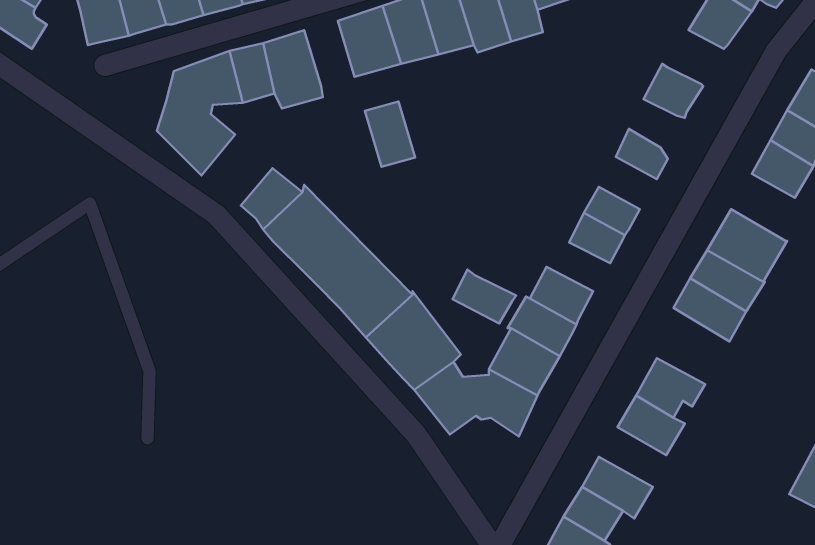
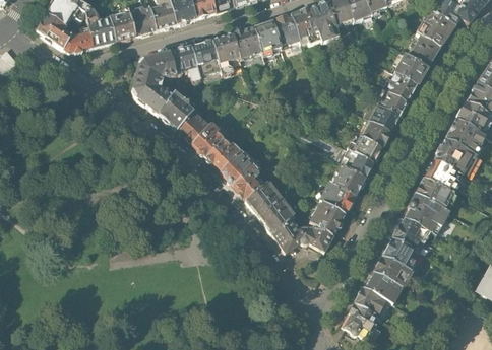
building: none -> [63,25,94,50]
building: none -> [410,36,440,65]
building: none -> [388,73,415,99]
building: [365,101,415,167] -> [211,30,239,66]
building: none -> [156,91,196,131]
building: none -> [372,104,404,133]
building: none -> [444,114,485,150]
building: [453,269,516,324] -> [344,148,378,178]
building: none -> [404,190,448,231]
building: none -> [372,252,409,283]

